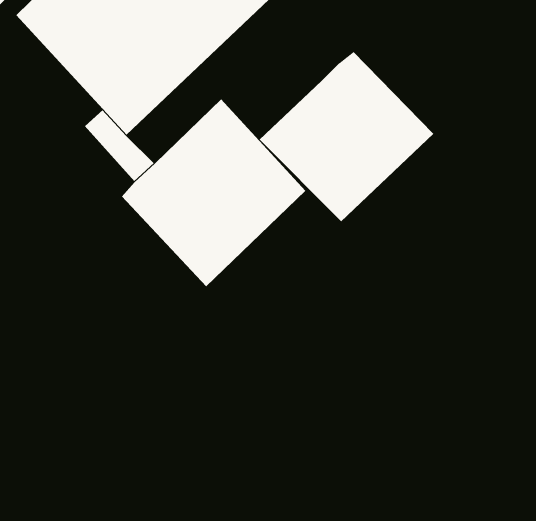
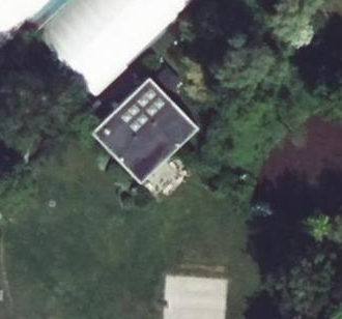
building: [259,51,434,222] -> none

